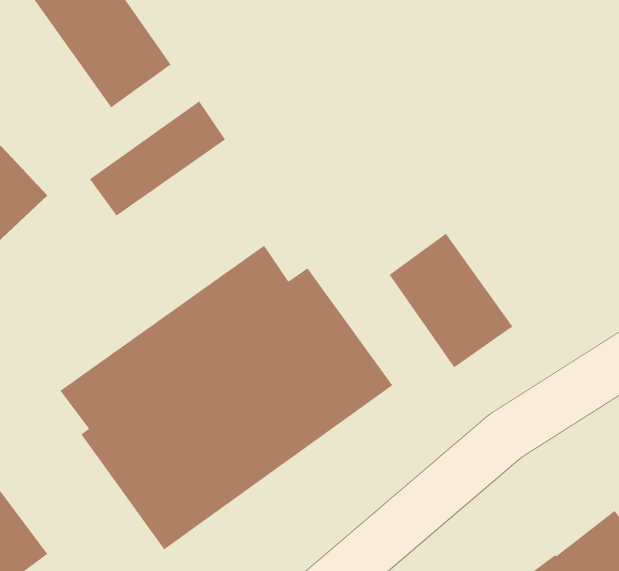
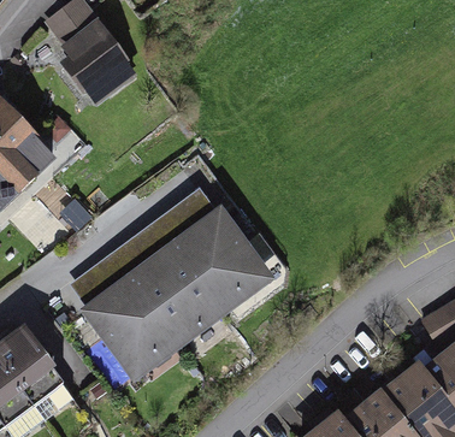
building: [89,100,226,216] -> none
building: [389,233,513,368] -> none

